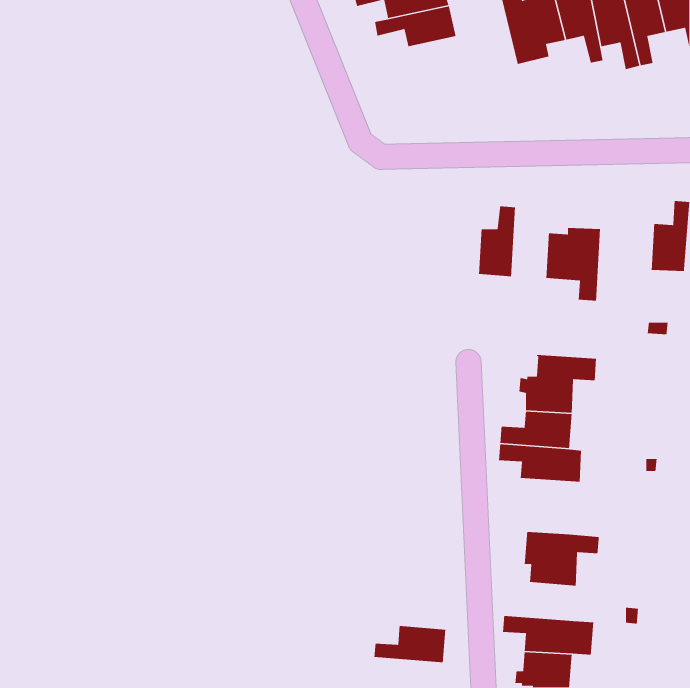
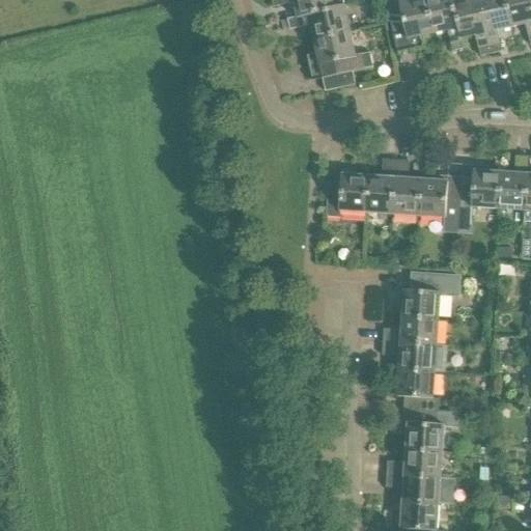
building: none -> [307,28,373,89]
building: none -> [393,159,421,214]
building: none -> [458,165,502,233]
building: none -> [327,168,369,216]
building: none -> [392,367,446,410]
building: [373,625,446,663] -> [387,447,443,476]

